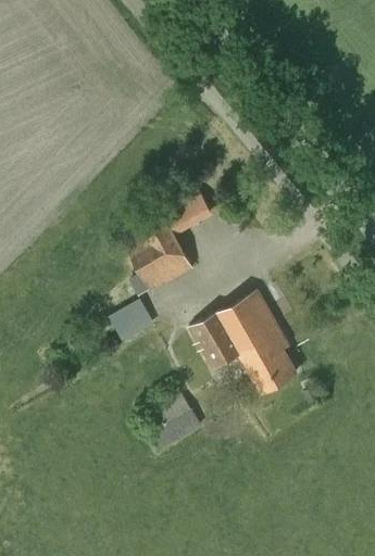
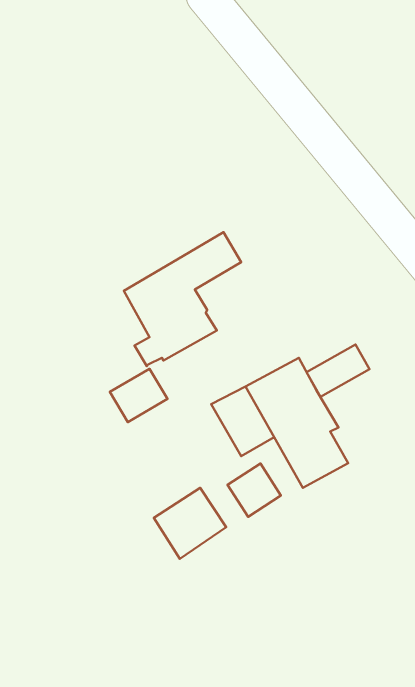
building: none -> [307,344,369,397]
building: none -> [228,464,281,517]

